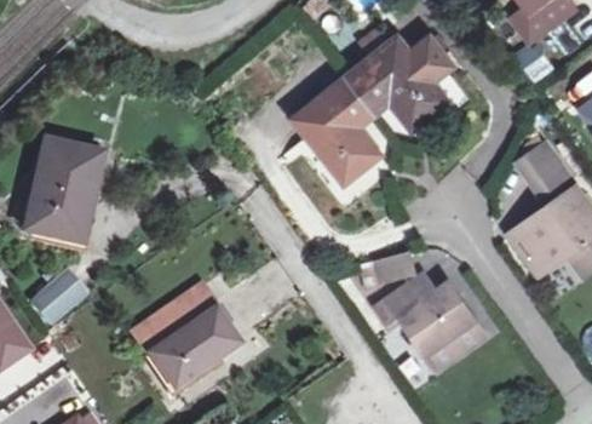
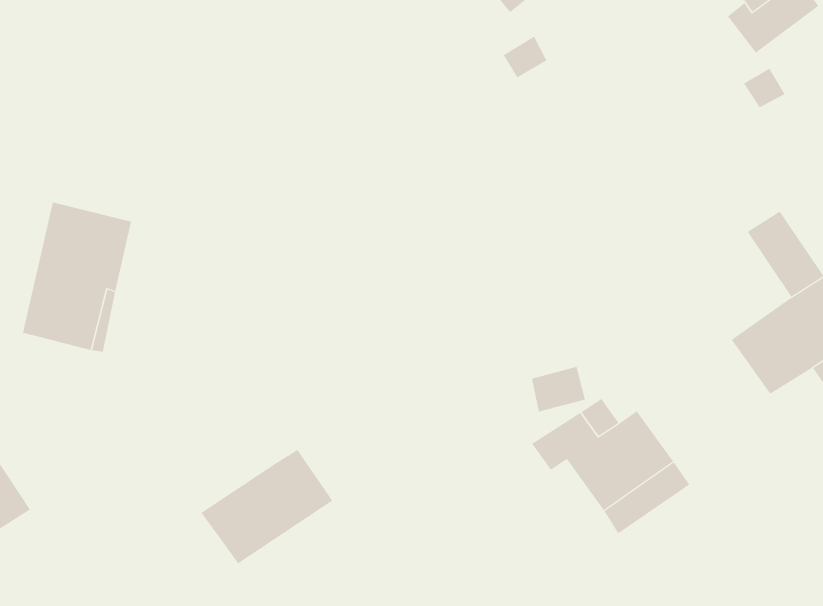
building: [295,39,449,181] -> none
building: [31,273,82,322] -> none
building: [136,298,200,353] -> none

